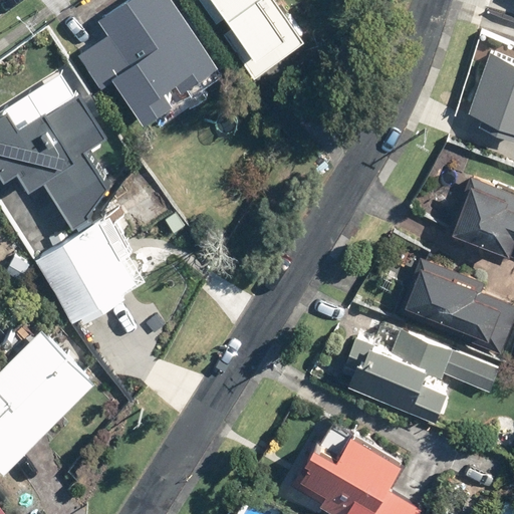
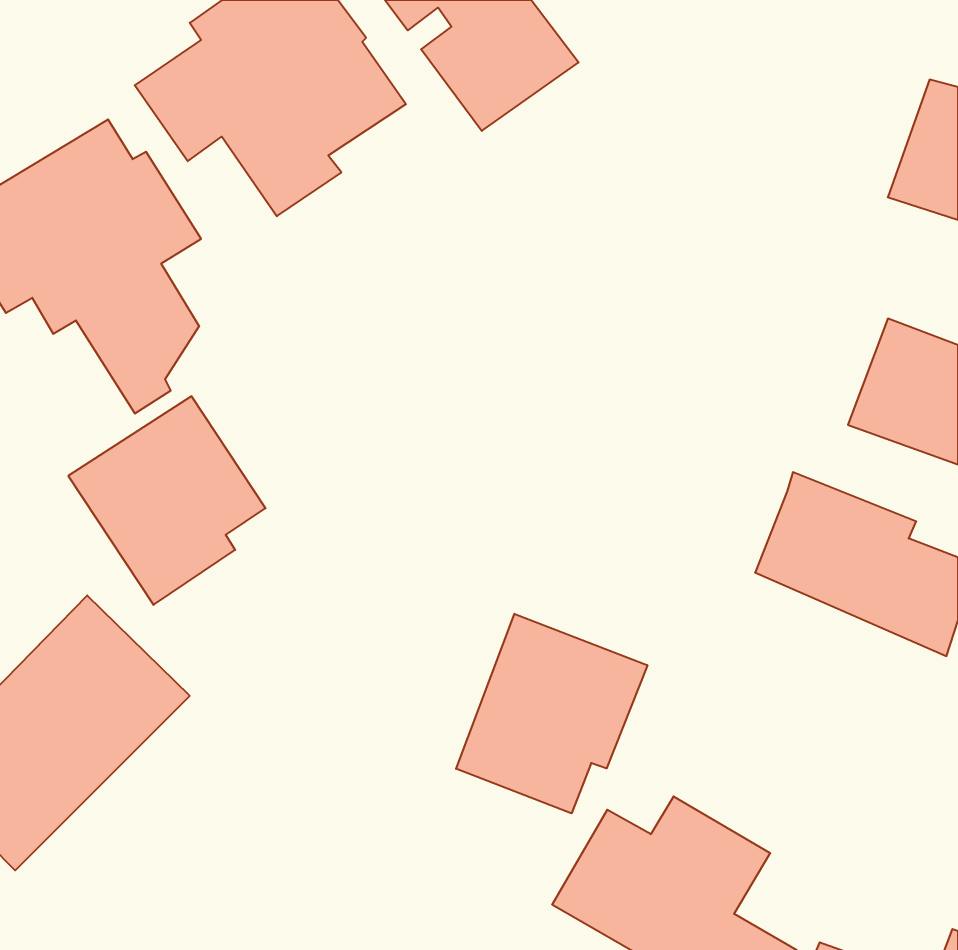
building: [345,330,499,423] -> none
building: none -> [456,614,647,813]

